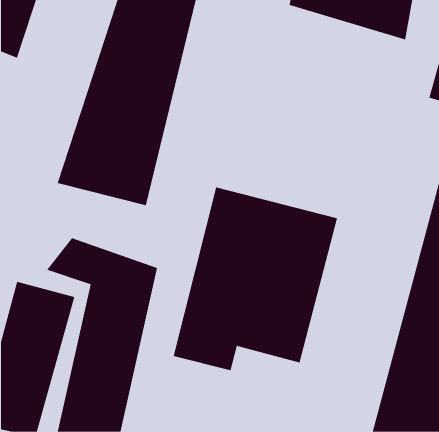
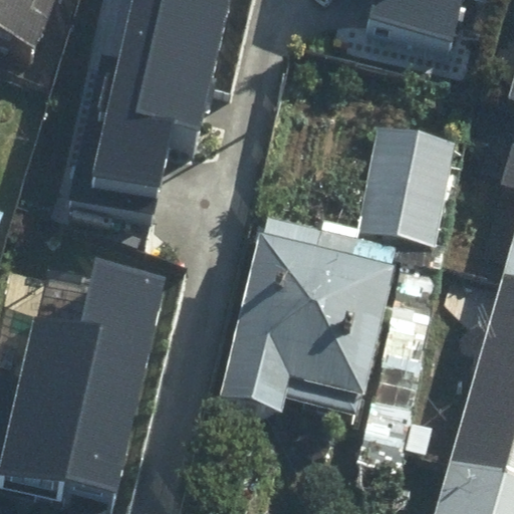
building: none -> [362,131,459,248]

